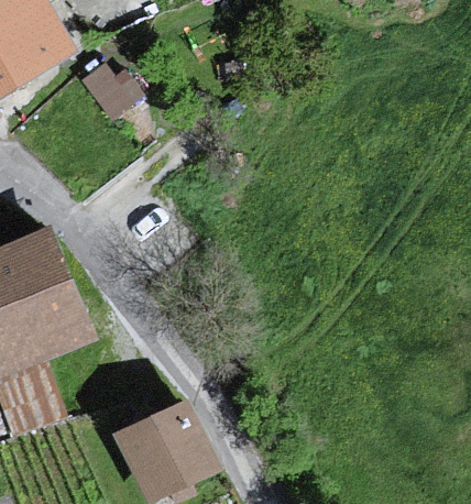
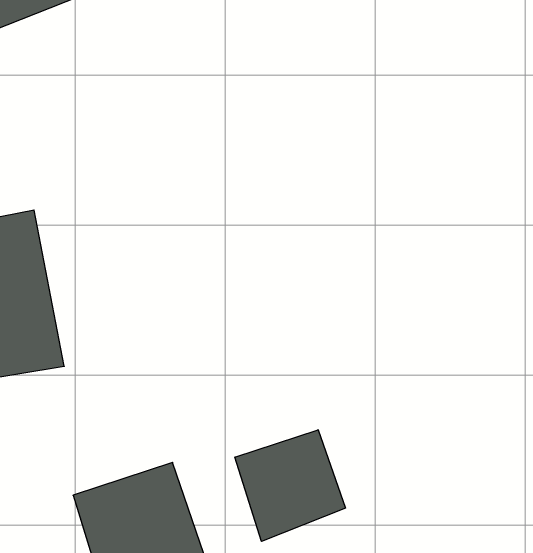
building: none -> [235,430,346,541]

